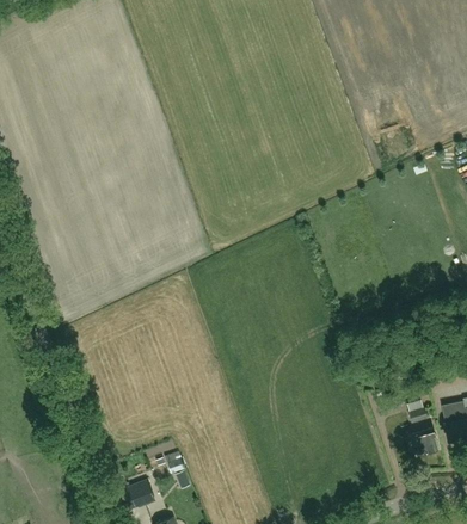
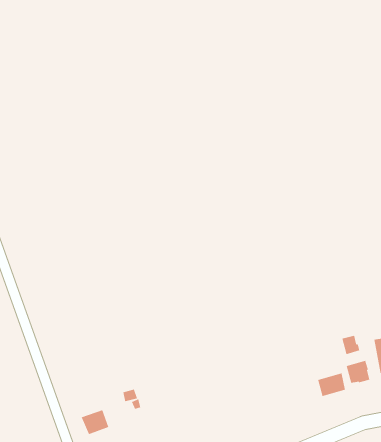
building: none -> [317,372,345,397]

